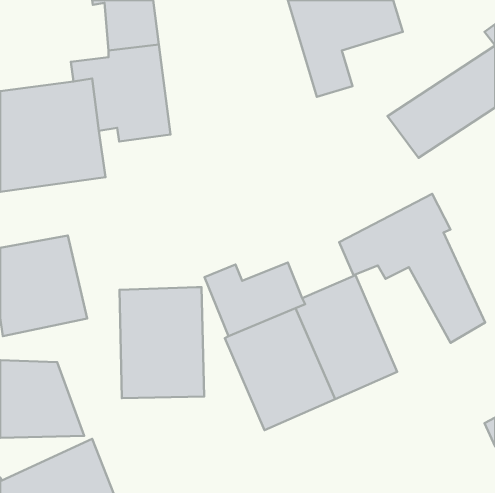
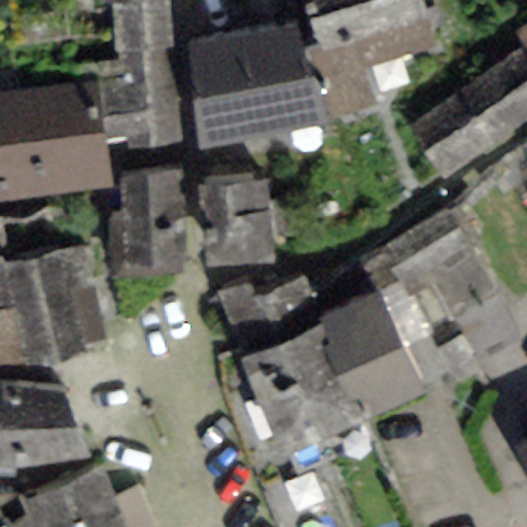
building: none -> [190,22,316,135]
building: none -> [203,173,268,251]
building: none -> [125,176,180,276]
building: [119,287,204,398] -> none

